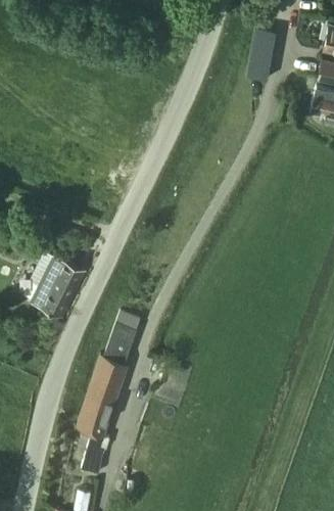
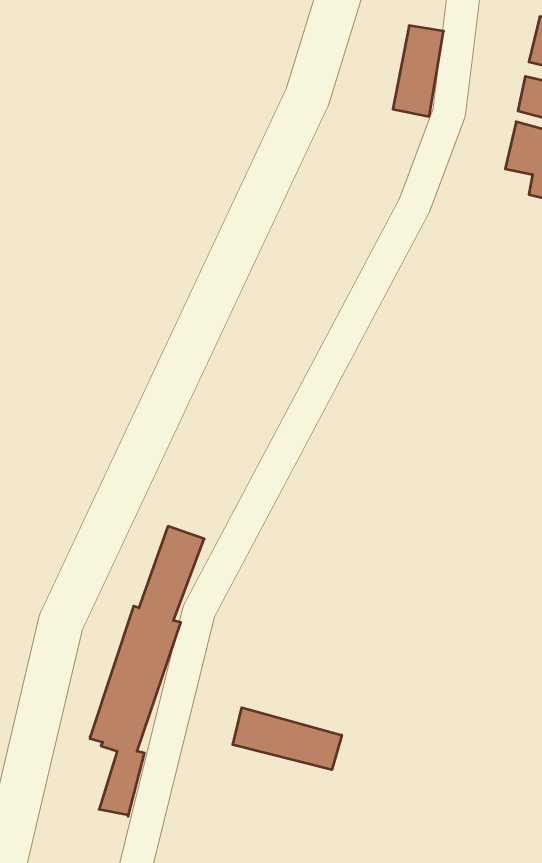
building: [33,258,85,318] -> none
building: none -> [233,708,342,770]

